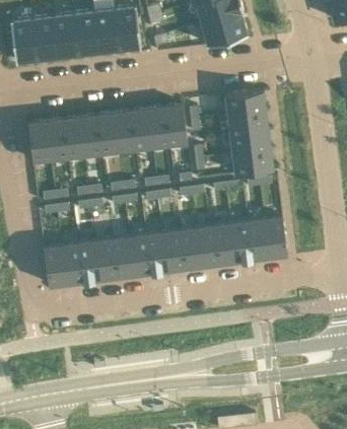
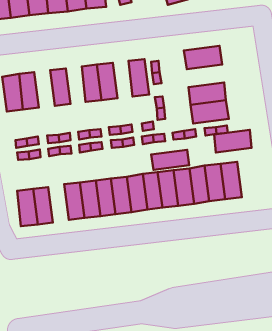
building: [147,106,168,147] -> none
building: [227,111,268,135] -> [214,130,252,152]
building: [96,113,118,153] -> none
building: [62,117,84,157] -> none
building: none -> [151,150,189,170]
building: [77,240,99,282] -> none

